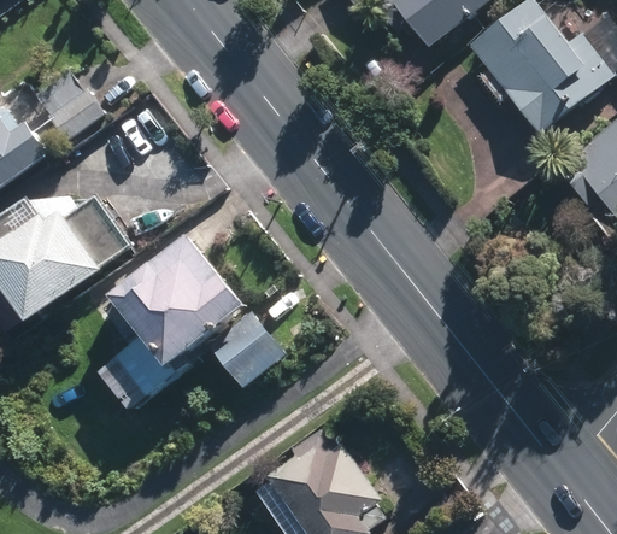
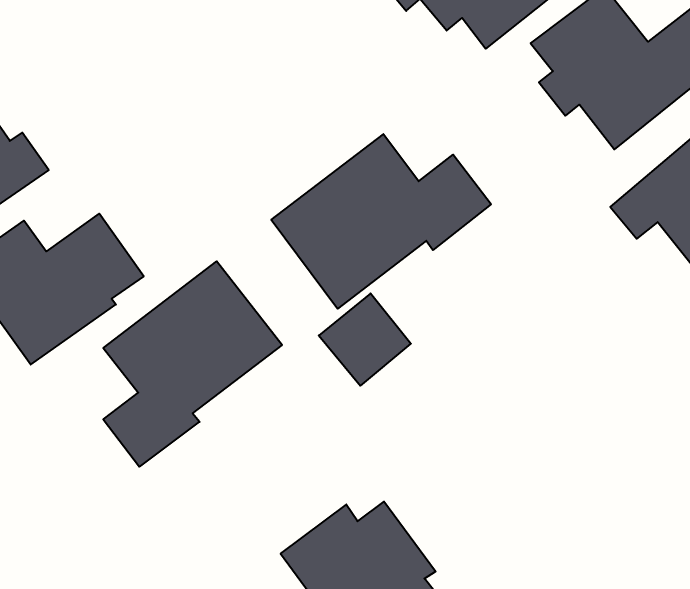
building: [33,69,101,139] -> none
building: none -> [271,134,491,309]
building: [207,309,287,388] -> [319,293,411,386]

